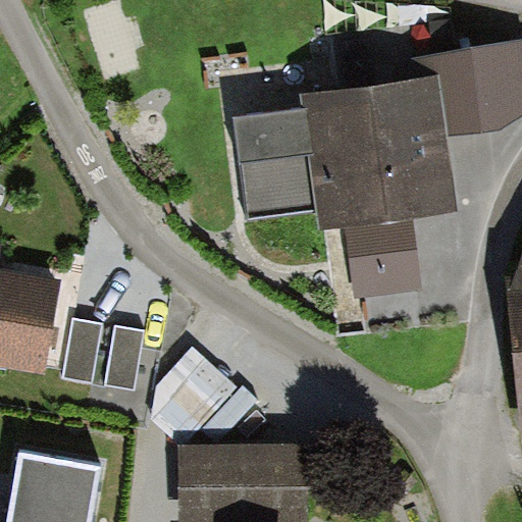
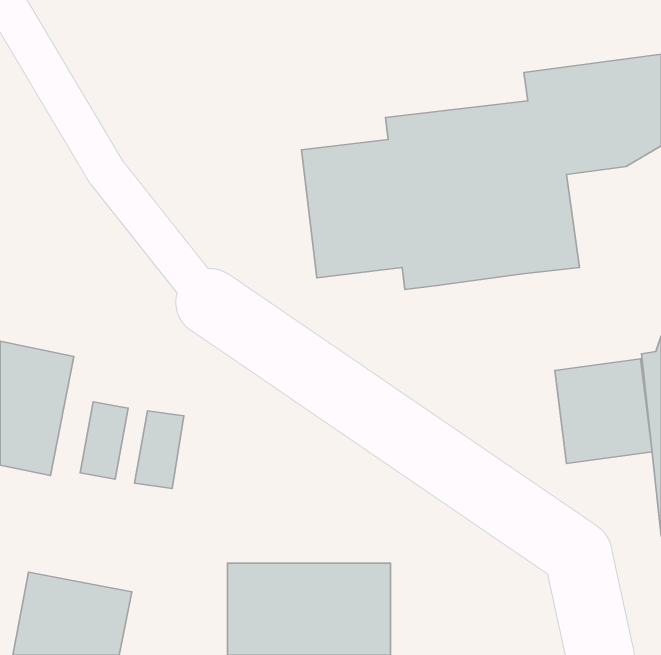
building: [345,216,421,299] -> [555,359,652,463]
building: [154,344,258,443] -> none

